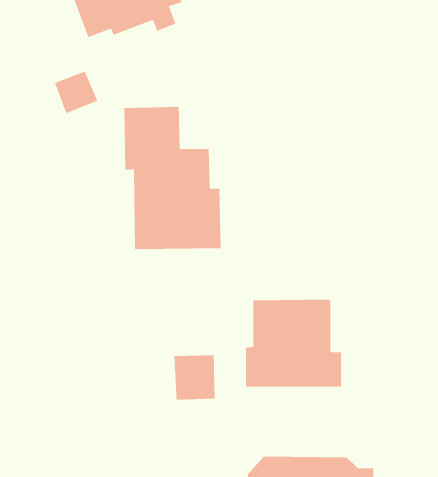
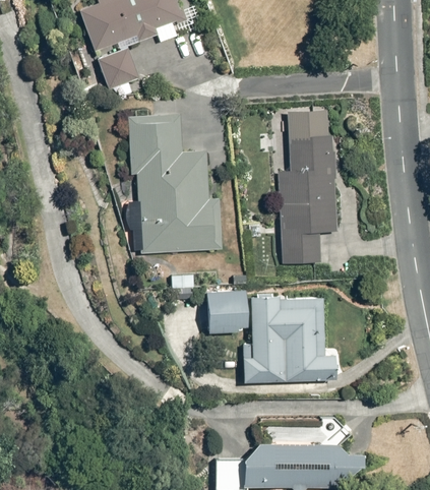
building: [54,71,98,114] -> [97,47,138,87]
building: none -> [280,112,335,263]
building: [174,355,216,400] -> [205,289,245,331]

